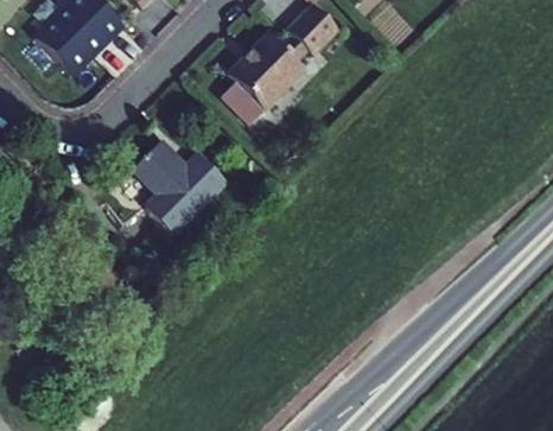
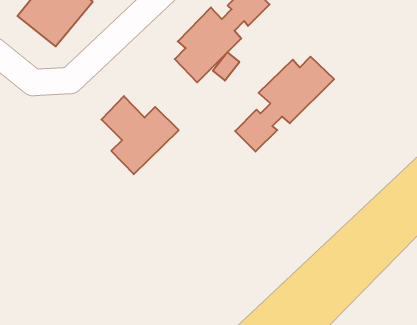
building: none -> [235,57,334,152]

